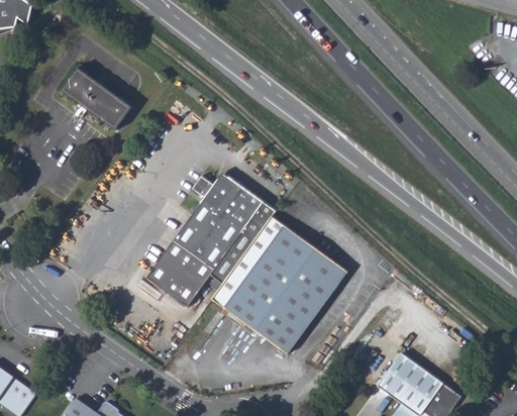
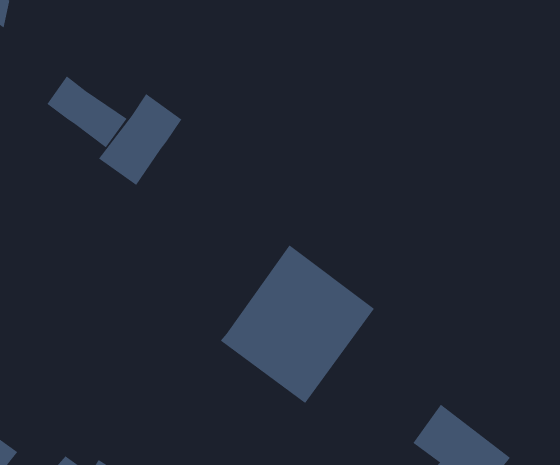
building: none -> [98,93,182,186]
building: [145,176,274,306] -> none

